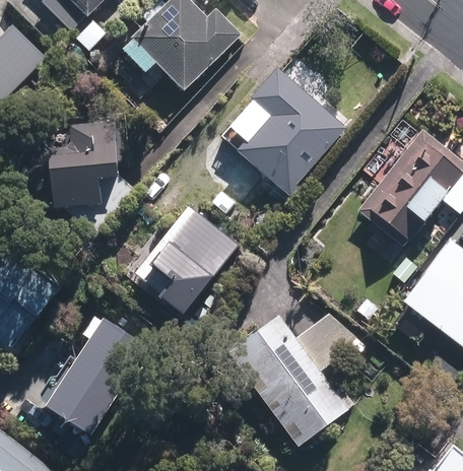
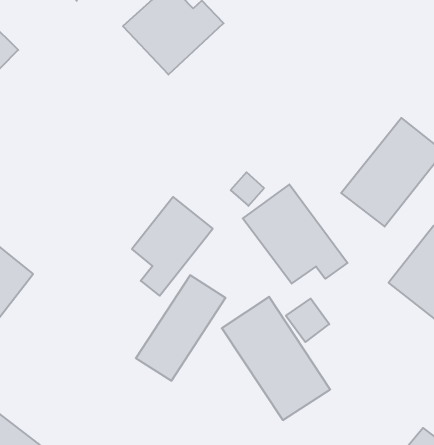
building: [242,69,344,192] -> none
building: [39,130,109,213] -> none
building: none -> [243,184,348,284]
building: [44,326,136,434] -> [136,275,226,381]

